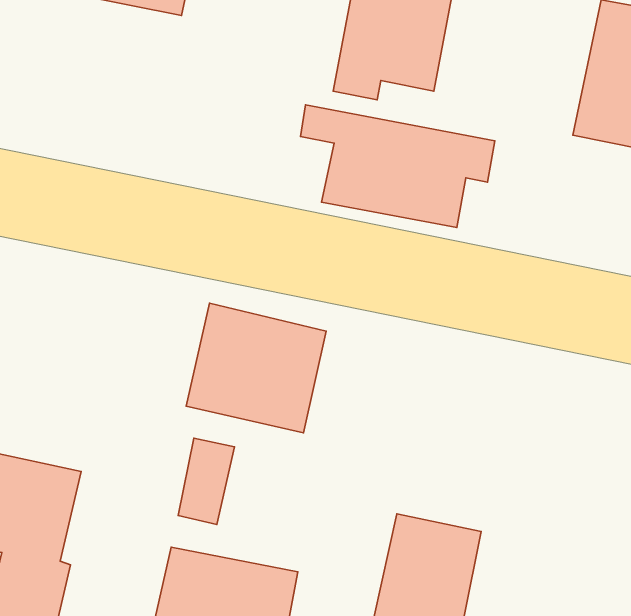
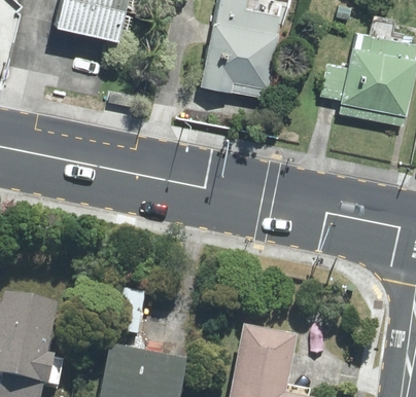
building: [300,105,495,228] -> none
building: [186,303,326,433] -> none

